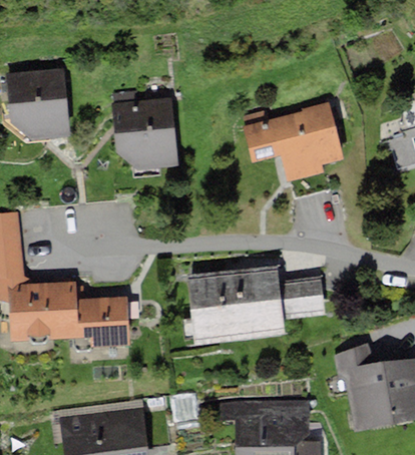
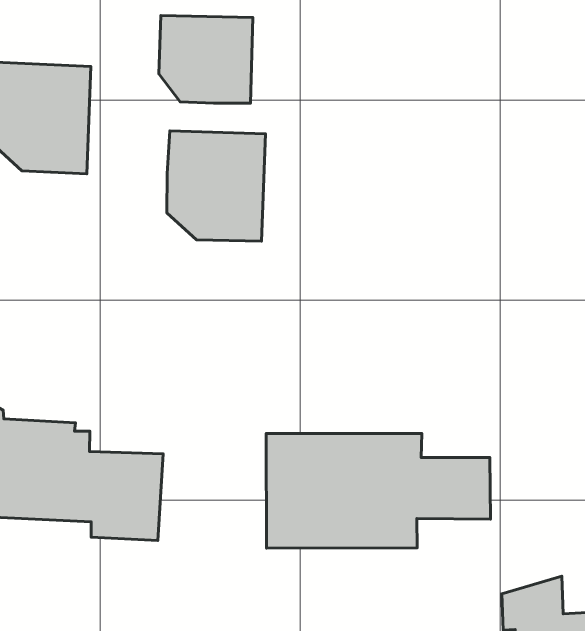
building: none -> [159,16,253,103]
building: [242,101,343,180] -> none

